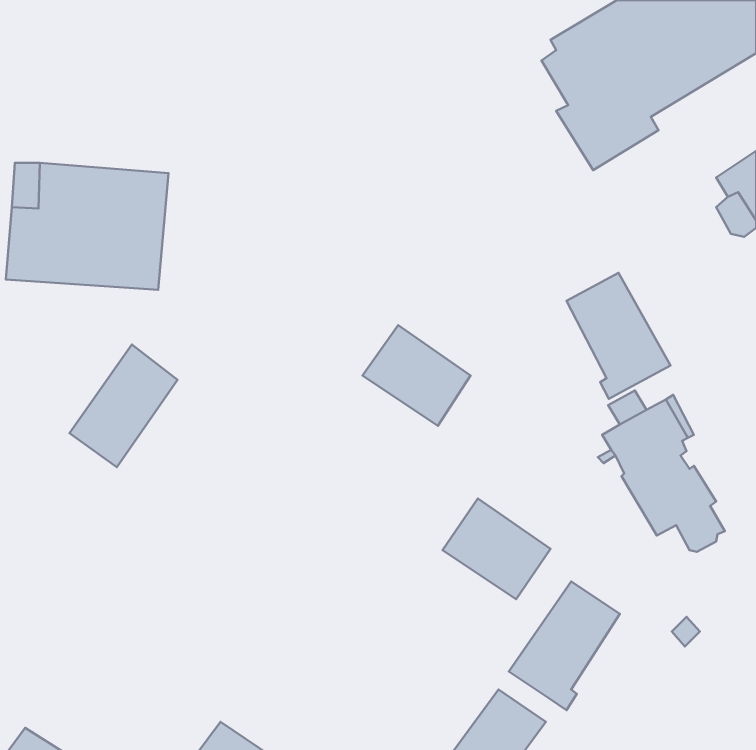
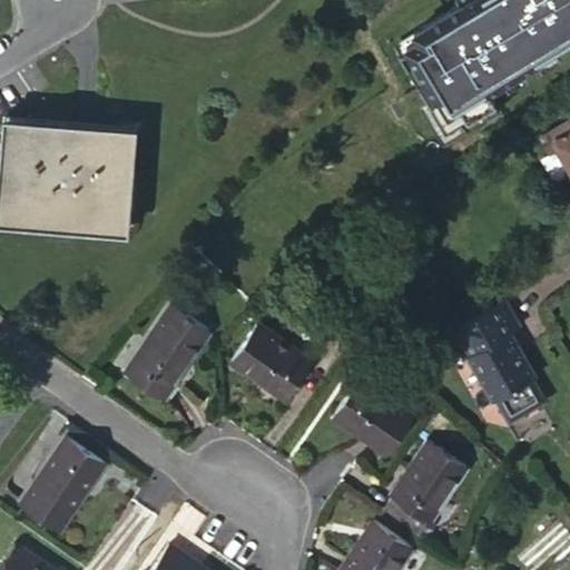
building: [566,273,670,399] -> none
building: [363,325,471,426] -> [230,324,312,400]
building: [70,344,178,467] -> [126,307,207,400]
building: none -> [20,439,102,531]

